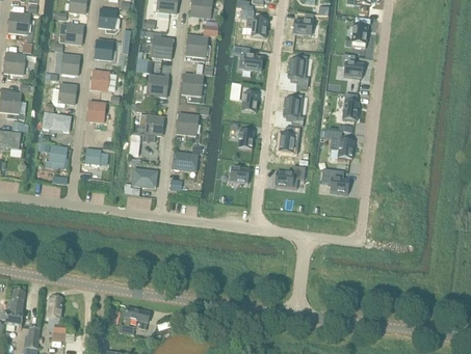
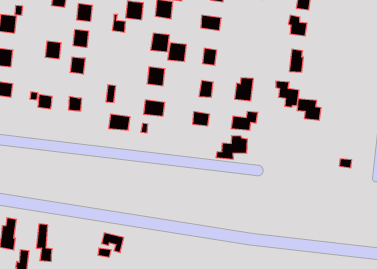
building: [55,53,80,75] -> none
building: [288,55,309,87] -> none
building: [147,75,168,97] -> [168,43,186,61]
building: [283,92,304,126] -> none
building: [43,112,71,131] -> none
building: [140,114,163,141] -> none
building: [321,168,349,193] -> [297,99,321,120]
building: none -> [216,136,247,159]

